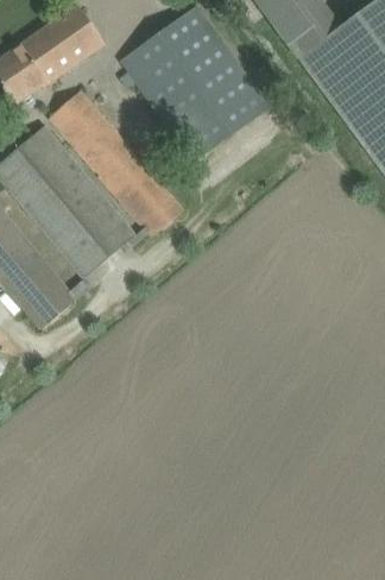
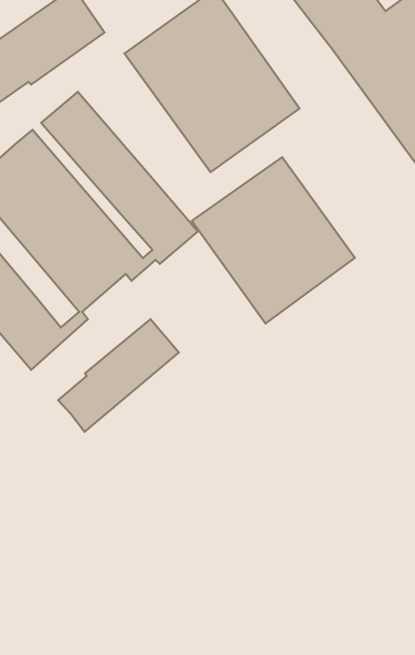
building: none -> [192,157,355,323]
building: none -> [58,319,179,432]

